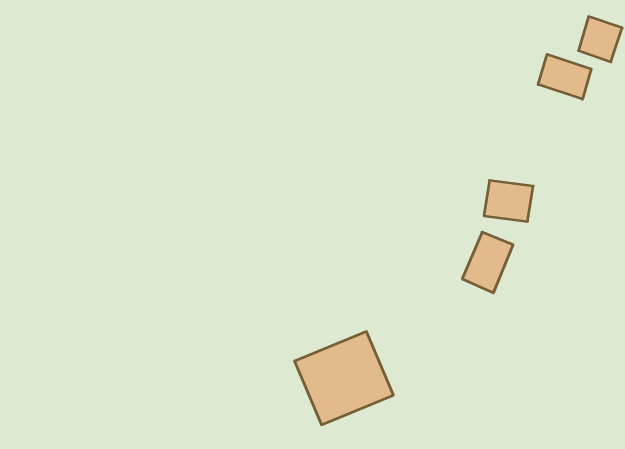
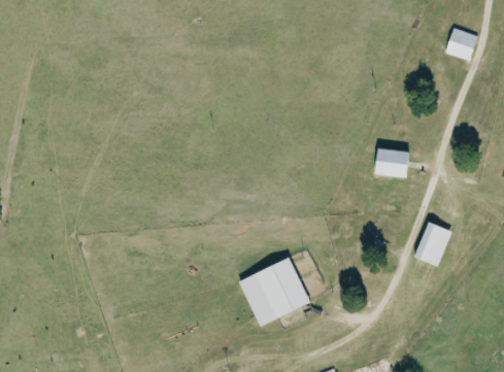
building: [538,54,591,99] -> none
building: [462,232,513,293] -> [414,222,451,266]

